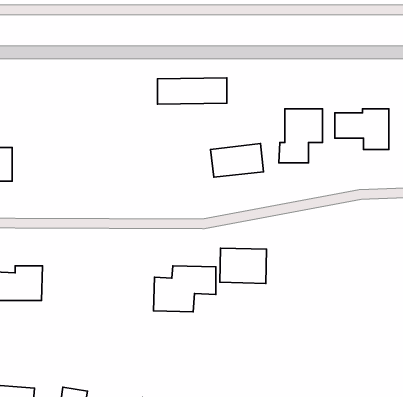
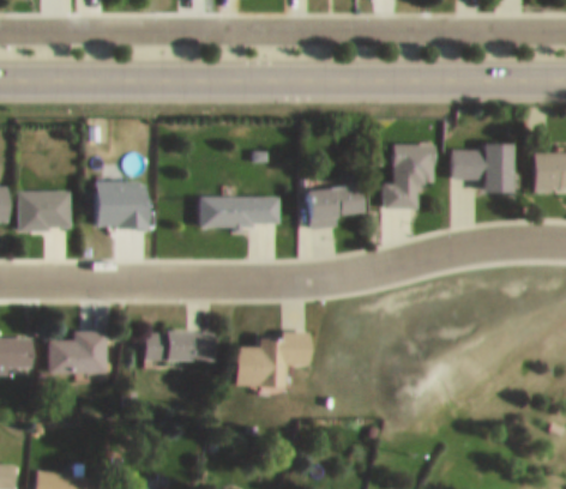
building: [158,78,227,104] -> [198,198,279,229]
building: none -> [90,182,149,230]
building: [220,248,266,283] -> none
building: none -> [143,330,215,360]

